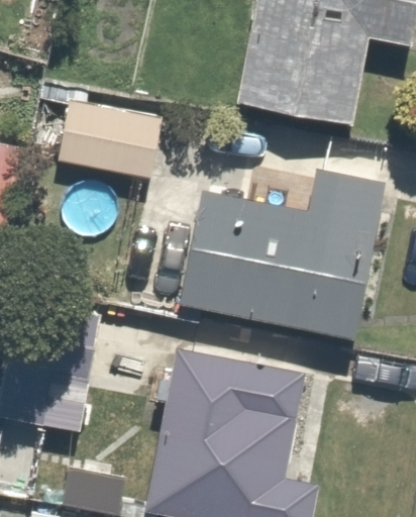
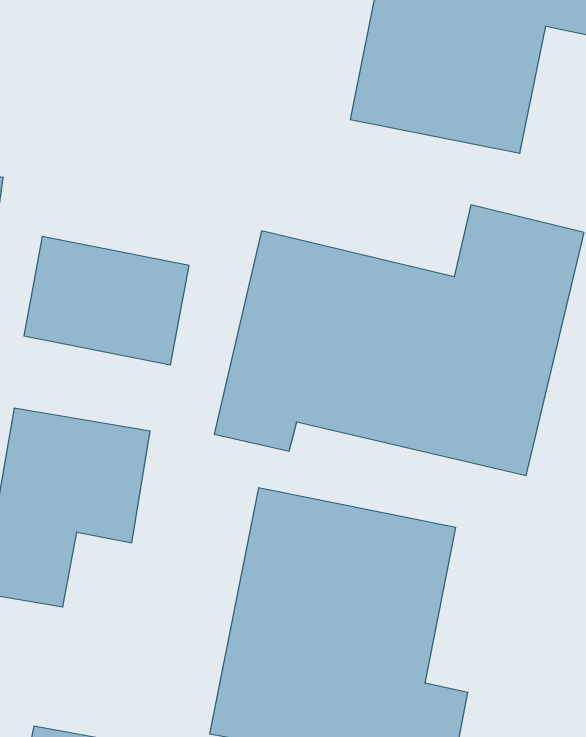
building: [59,95,168,180] -> [24,237,189,365]

